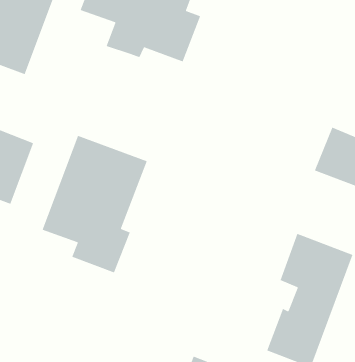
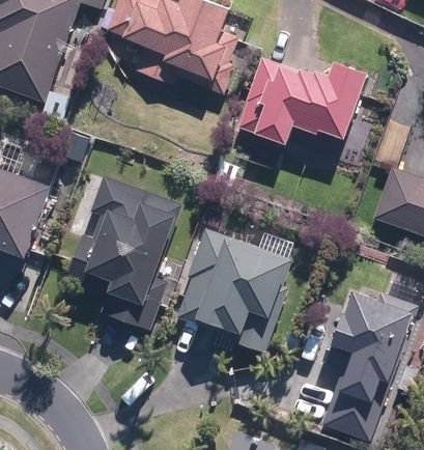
building: none -> [238,50,371,146]
building: none -> [170,229,294,351]

